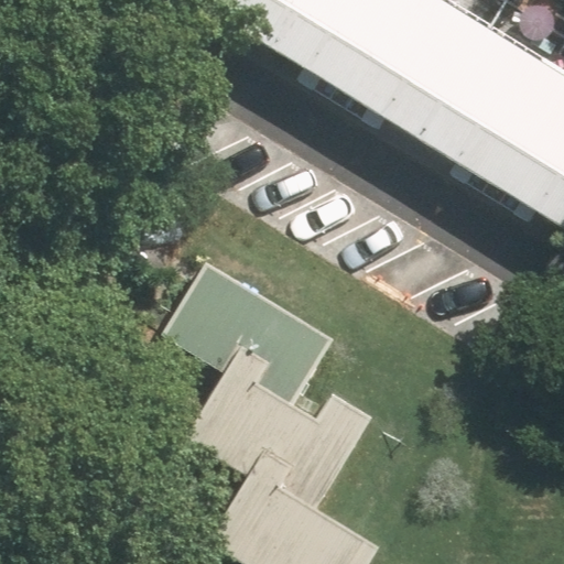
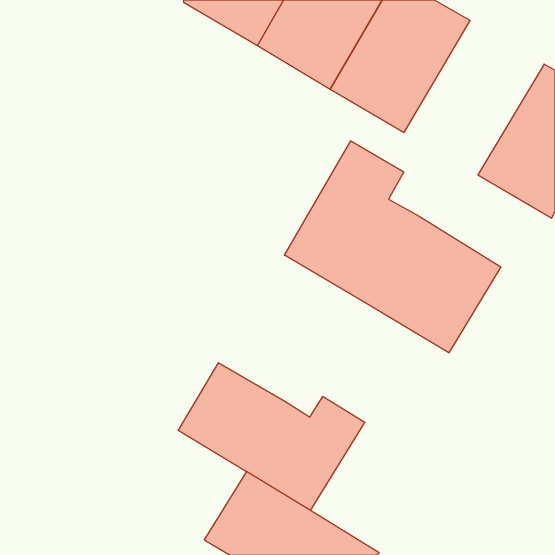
building: [410,21,552,177] -> none
building: none -> [284,141,501,353]
building: [154,259,332,408] -> none

